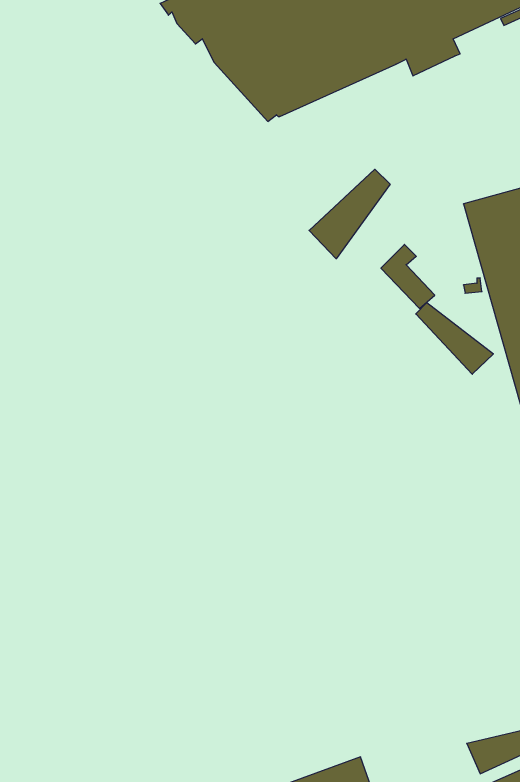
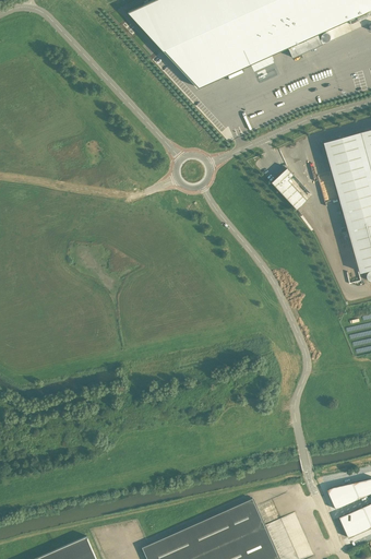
building: [309,169,390,259] -> none
building: [416,302,493,374] -> none

